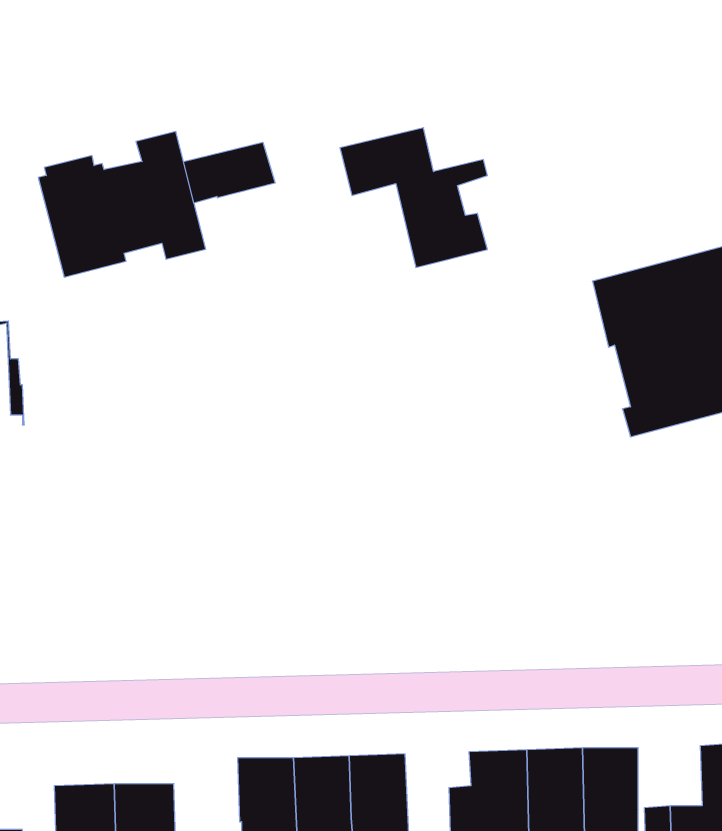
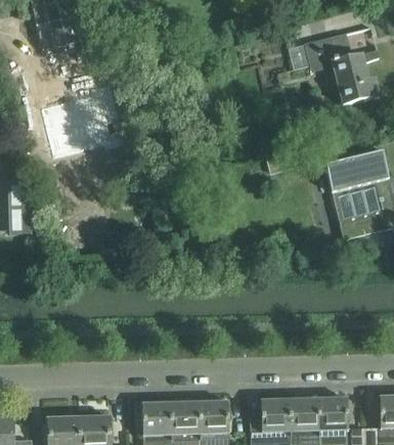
building: [340,128,487,267] -> [303,33,379,104]
building: [183,142,275,203] -> none

